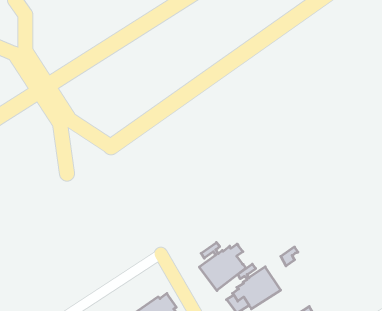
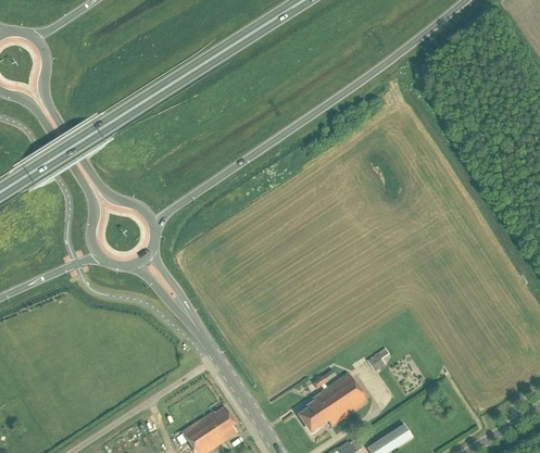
building: [199,242,246,291] -> none

